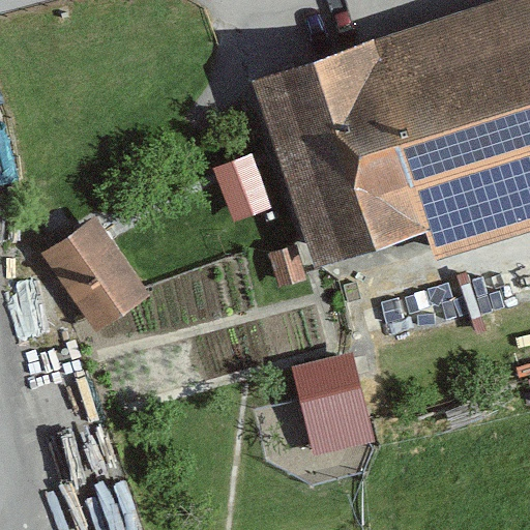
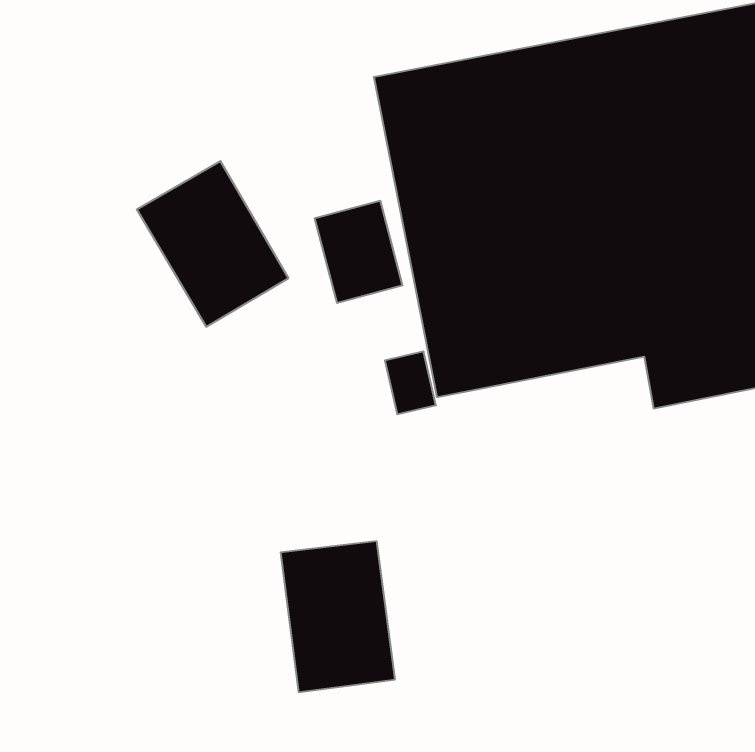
building: [46,220,146,326] -> [137,161,288,327]
building: [295,355,376,455] -> [281,541,395,692]

